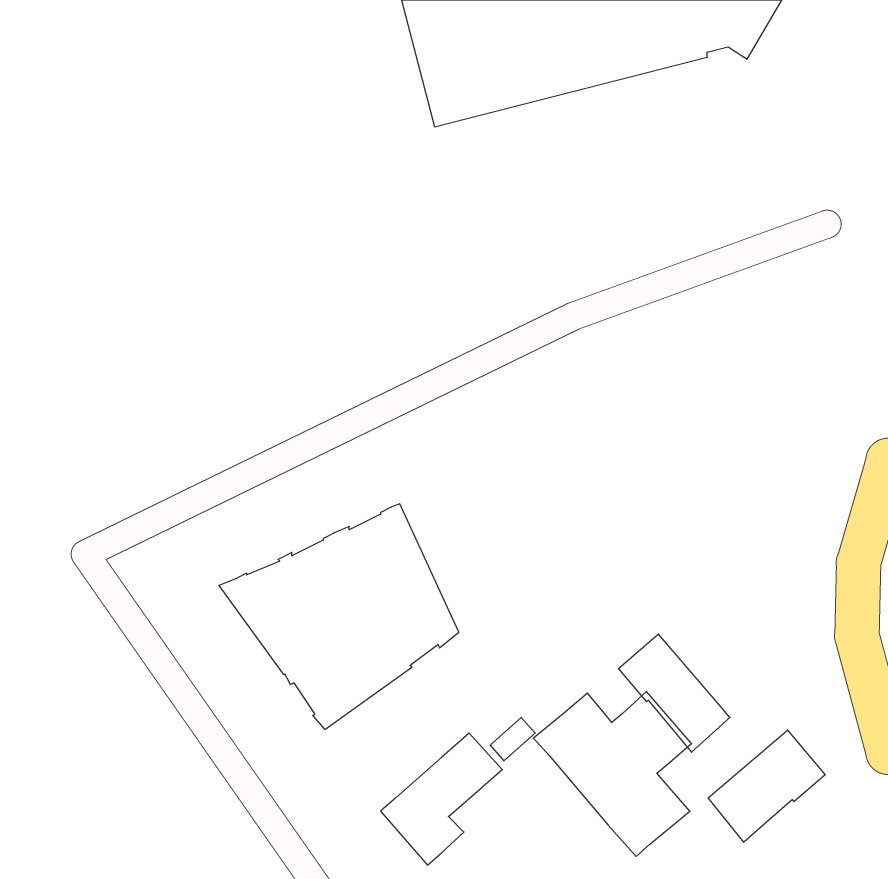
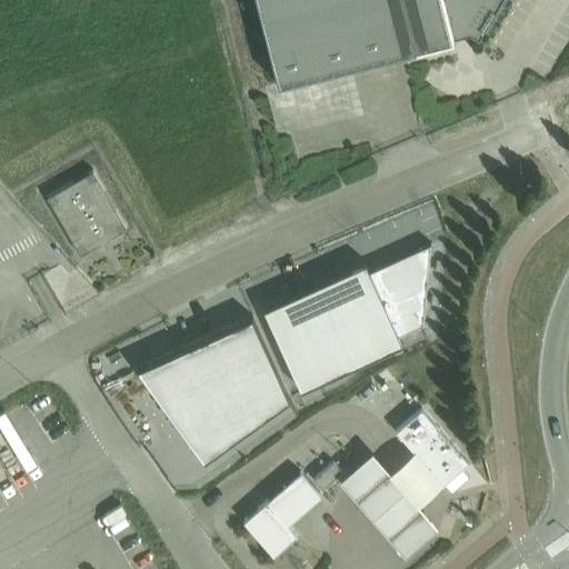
building: none -> [46,170,126,258]
building: none -> [263,247,430,393]
building: [708,730,825,842] -> none

